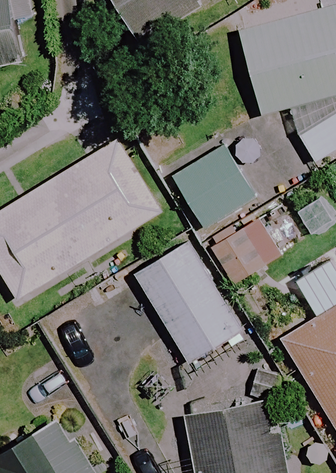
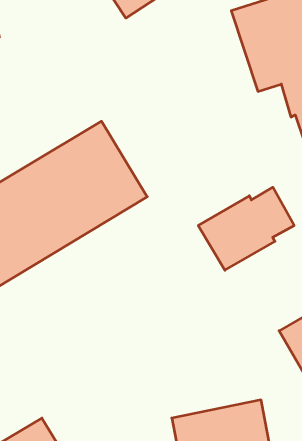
building: [174,148,254,227] -> none
building: [135,242,241,362] -> none

